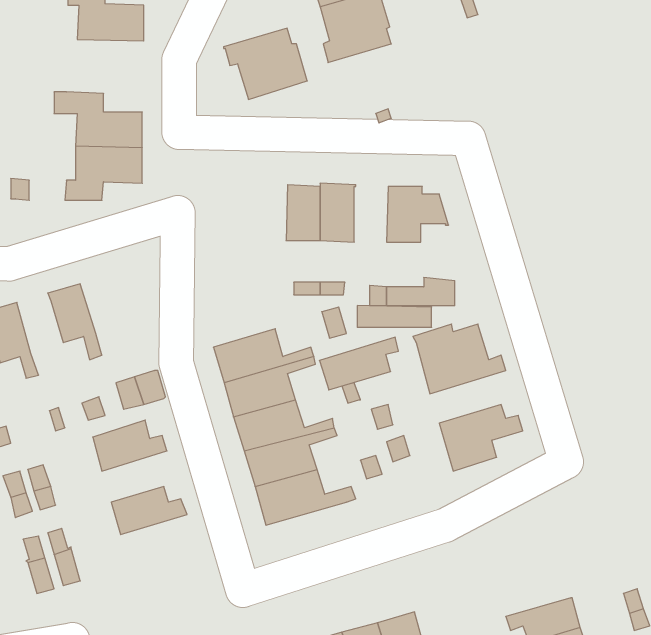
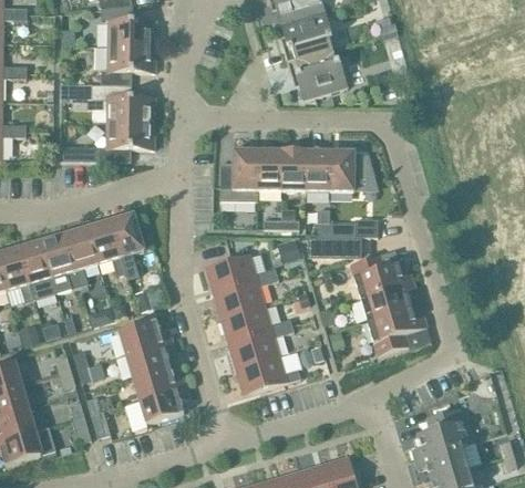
building: [224,28,307,99] -> [287,50,347,101]
building: none -> [100,46,155,85]
building: none -> [219,150,258,201]
building: none -> [306,152,330,191]
building: none -> [110,214,144,272]
building: none -> [64,228,97,287]
building: [319,337,398,390] -> [360,283,416,321]
building: none -> [125,341,175,377]
building: none -> [138,386,188,423]
building: none -> [411,403,469,459]

